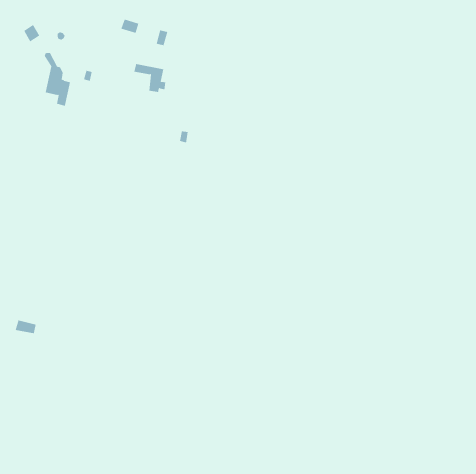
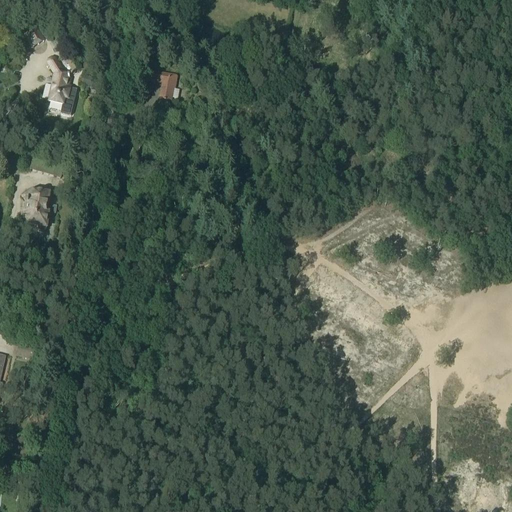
building: none -> [23,188,50,230]

